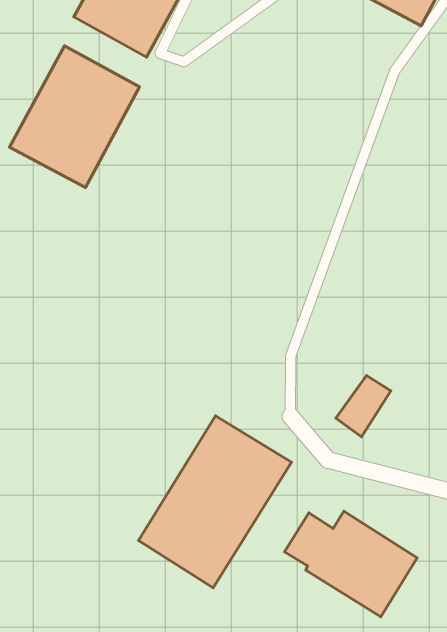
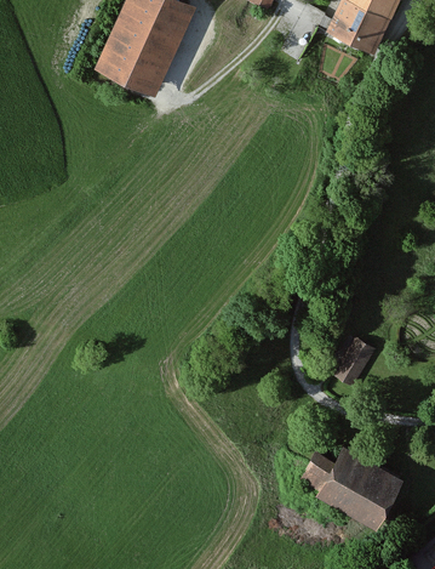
building: [9,46,139,188] -> none
building: [139,416,292,588] -> none

